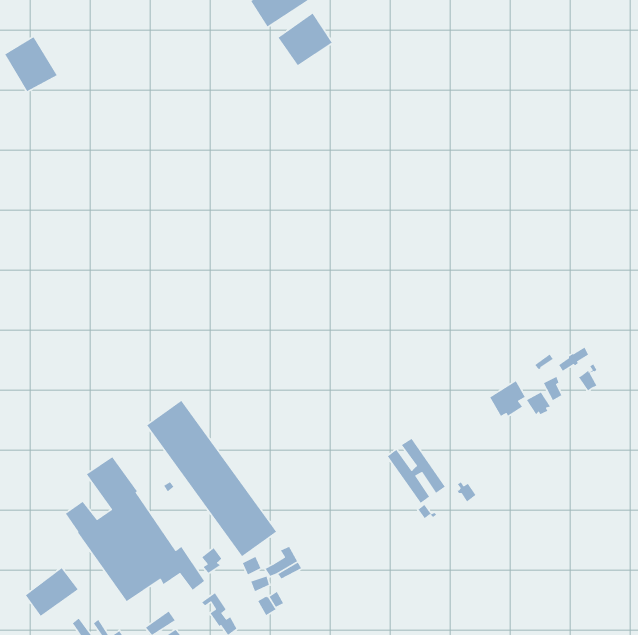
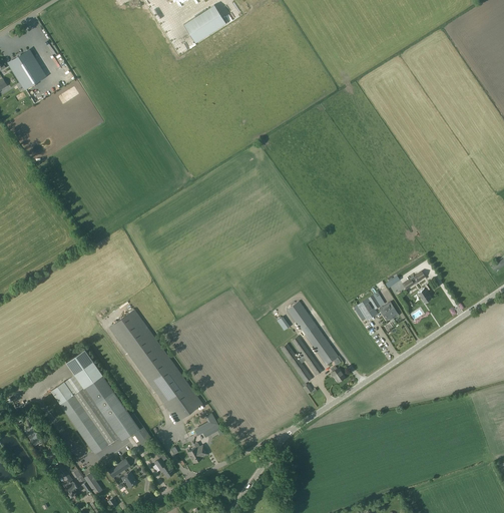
building: [278,12,333,66] -> none
building: none -> [284,299,339,366]
building: [25,567,79,617] -> none

